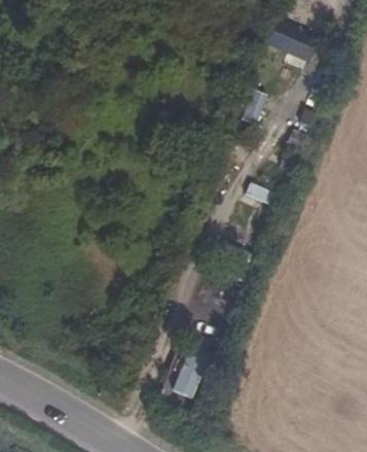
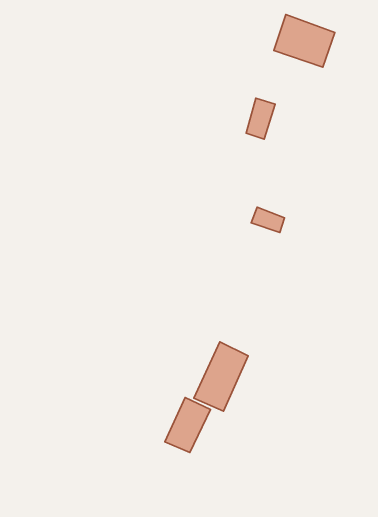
building: none -> [194,342,248,411]

